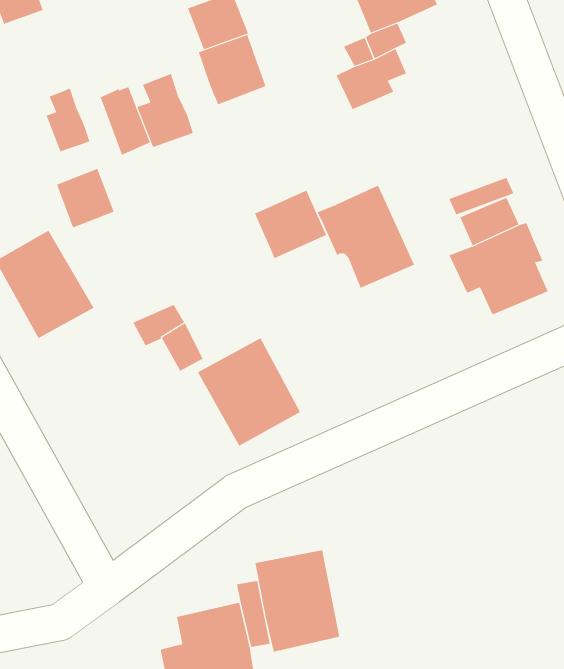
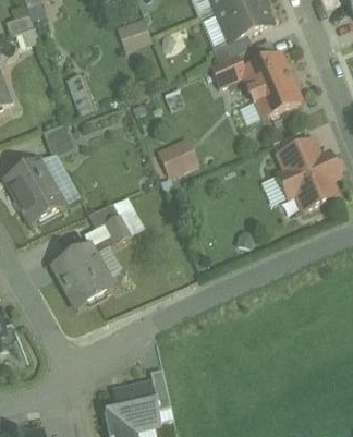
building: [198,34,266,105] -> none
building: [137,73,193,148] -> none
building: [46,88,90,152] -> none
building: [317,185,415,288] -> [242,51,301,113]
building: [197,338,301,447] -> [51,241,113,306]
building: [255,549,340,652] -> none

